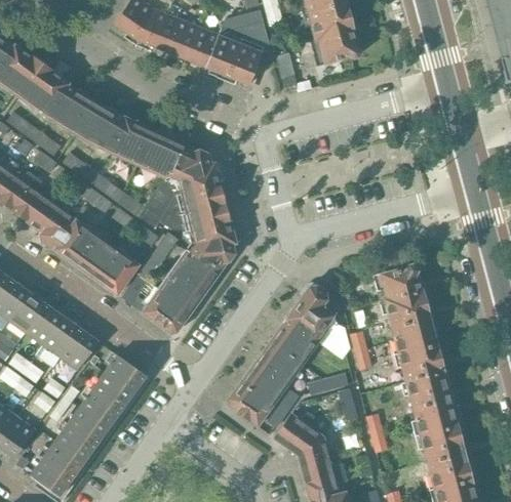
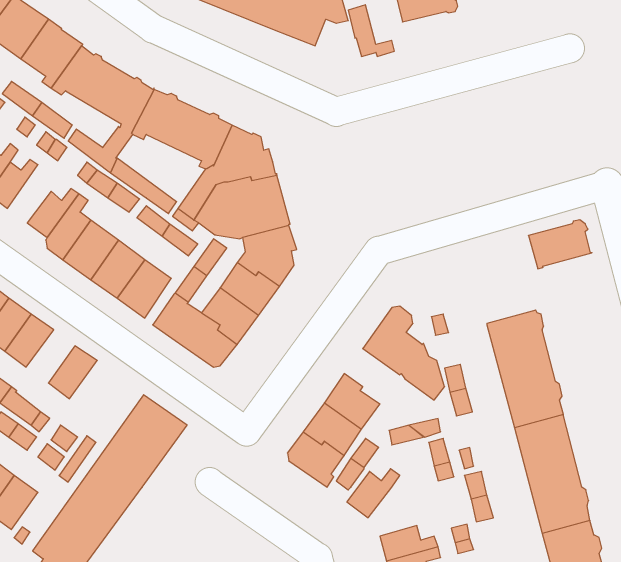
building: [11,176,45,221] -> none
building: [372,263,422,301] -> [528,220,592,269]
building: [26,304,64,345] -> none
building: [273,319,320,362] -> none
building: [60,328,99,370] -> none
building: [291,426,329,464] -> none

